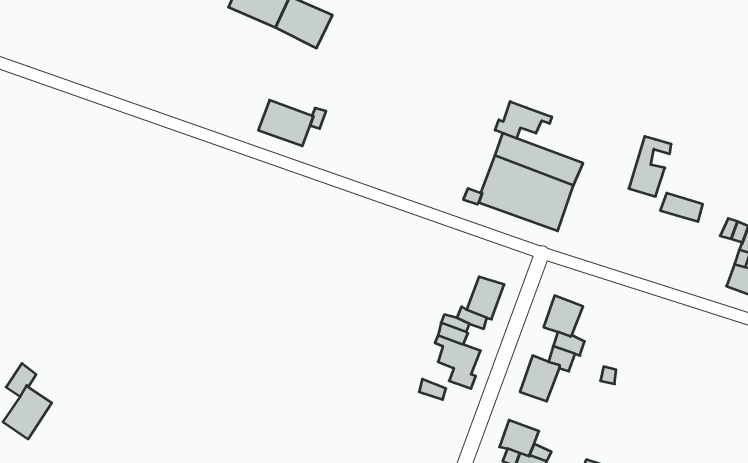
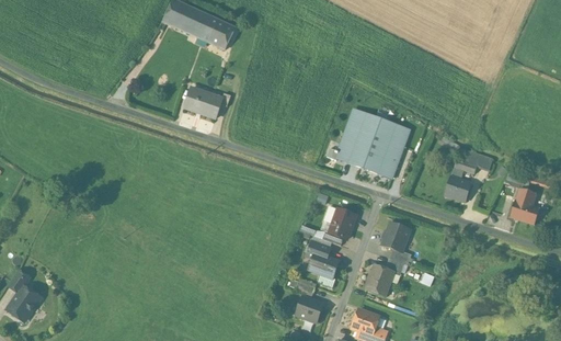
building: [495,101,552,138] -> none
building: [629,136,671,196] -> [445,160,474,202]
building: none -> [296,295,323,321]

